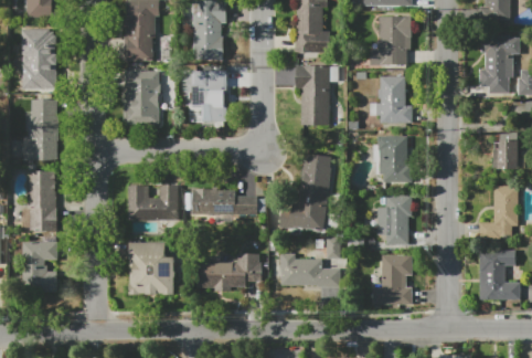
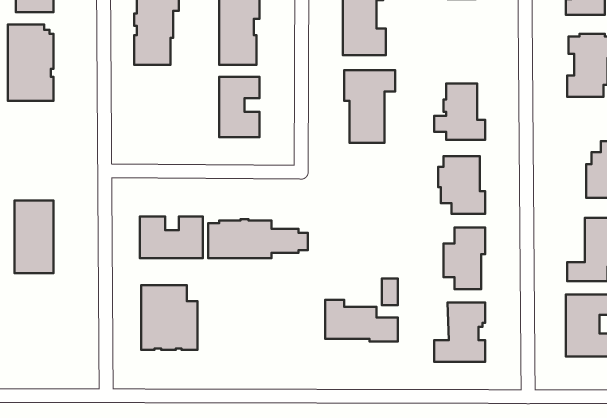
building: [370,18,411,71] -> none
building: [124,71,159,123] -> none
building: [21,95,57,160] -> none
building: [280,155,332,231] -> none
building: [23,242,57,293] -> none
building: [194,253,263,306] -> none

